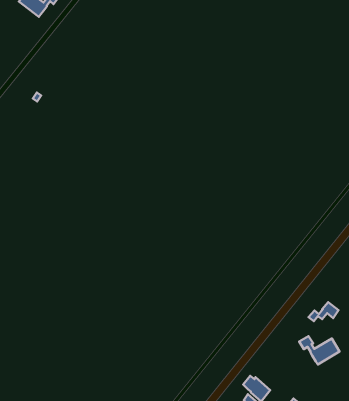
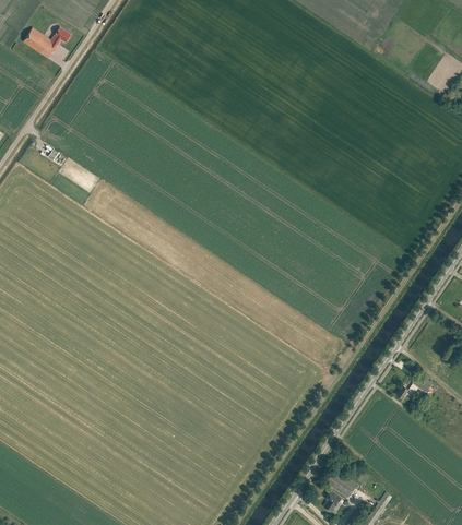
building: [299,336,339,364] -> none

